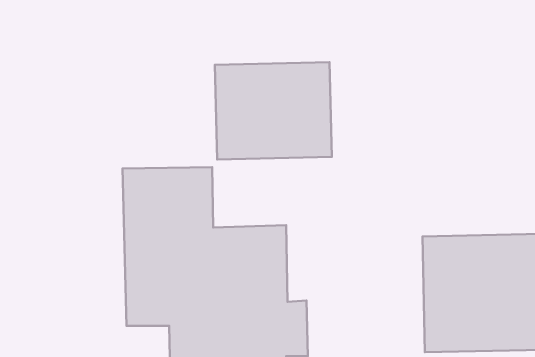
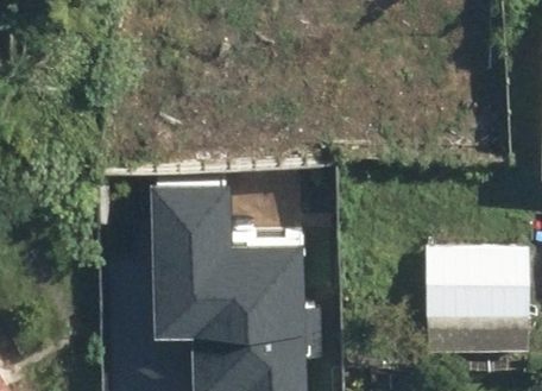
building: [215,62,332,160] -> none

